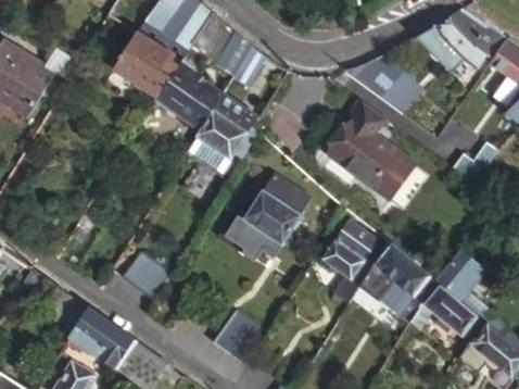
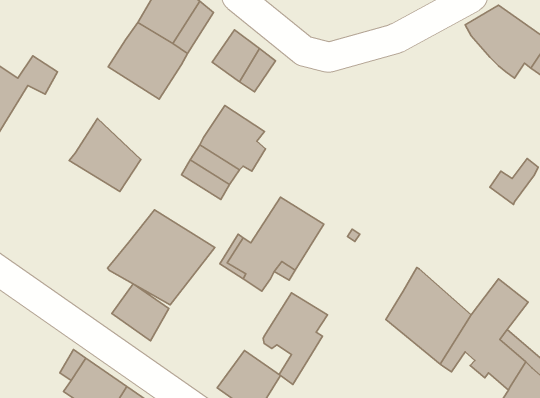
building: [339,57,419,112] -> none
building: [157,60,220,124] -> [69,119,141,192]
building: [309,84,415,198] -> none
building: none -> [107,210,215,305]
building: [325,221,381,301] -> [263,293,327,384]

